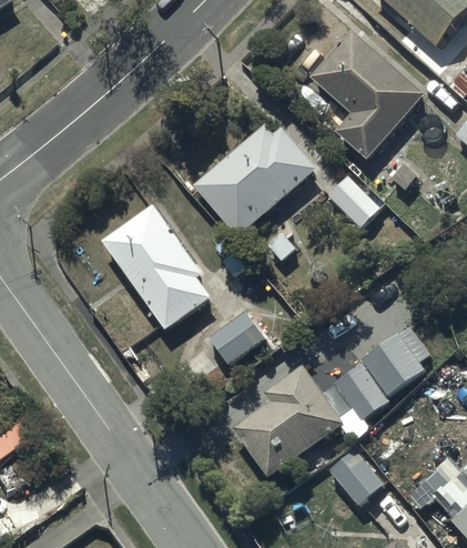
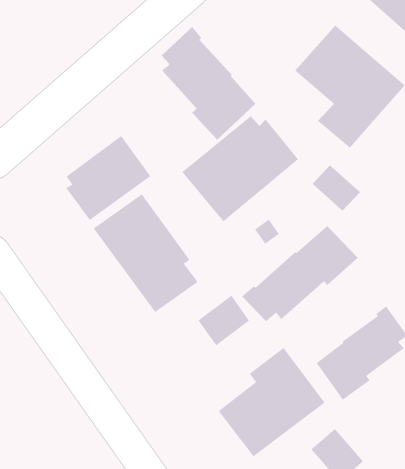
building: none -> [161,26,256,140]
building: none -> [66,135,151,221]
building: none -> [241,225,358,322]

